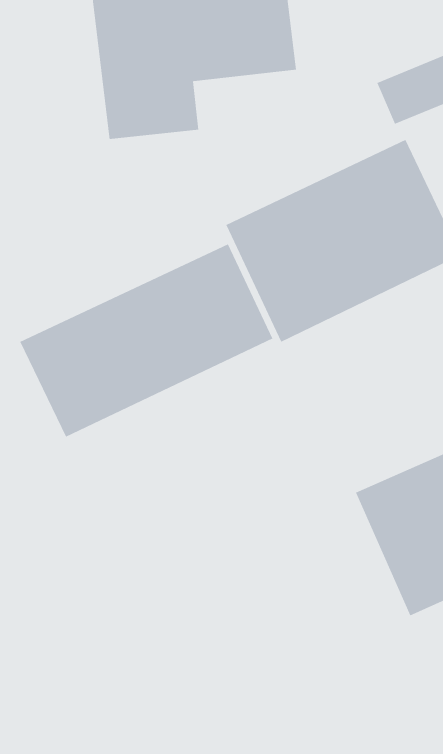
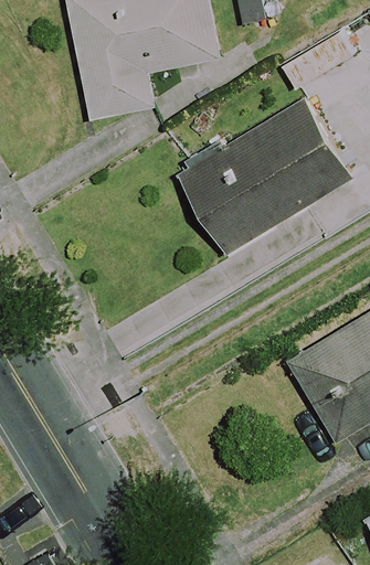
building: [19,244,273,437] -> none

